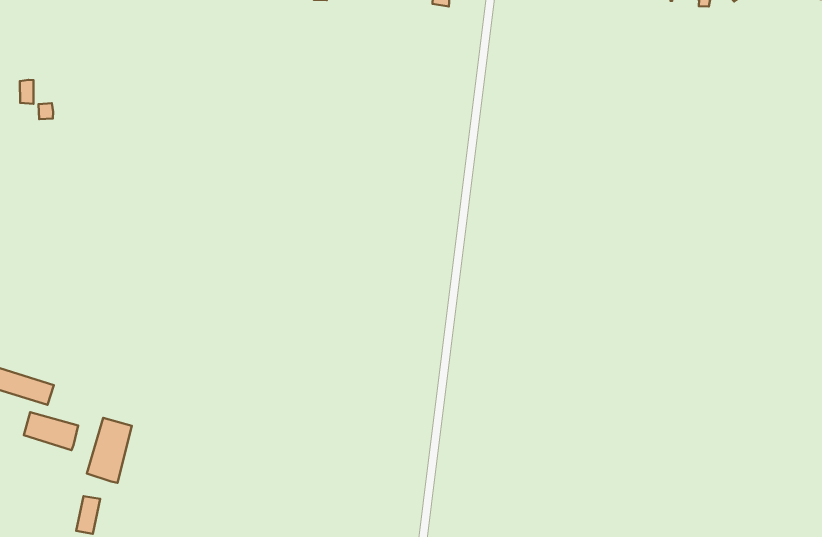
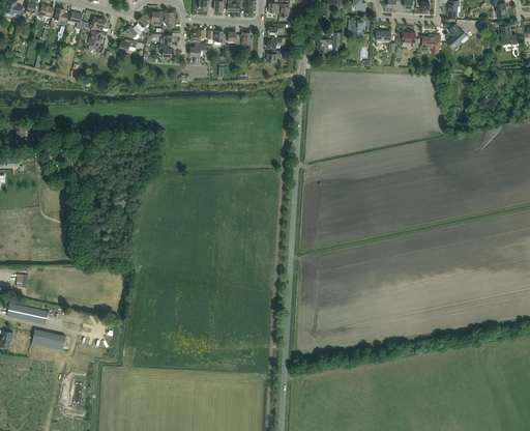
building: [87,418,132,483] -> none

